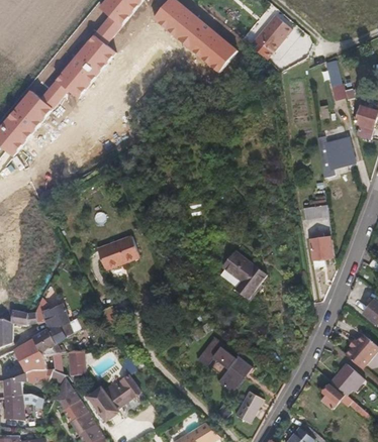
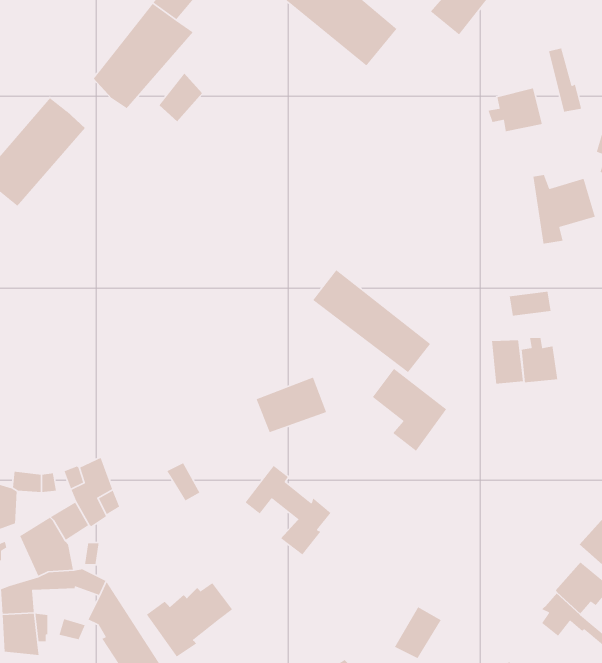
building: [41,80,68,109] -> [158,73,203,122]
building: none -> [487,88,543,132]
building: none -> [312,269,431,373]
building: none -> [491,339,524,385]
building: [96,236,138,269] -> [255,377,327,433]
building: [196,337,248,391] -> [244,465,332,556]
building: [67,350,85,374] -> none

